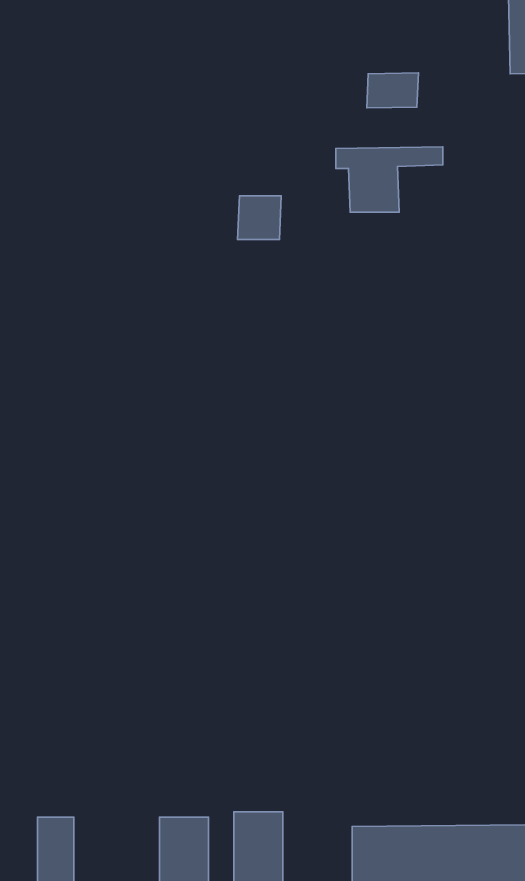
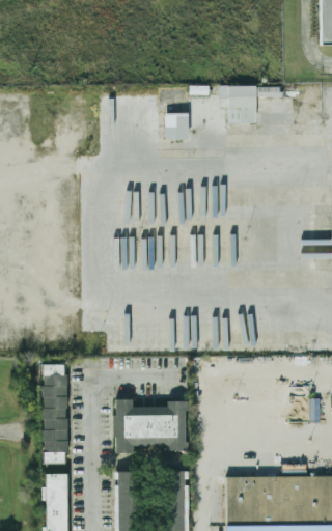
building: [367,73,418,108] -> none
building: none -> [45,361,65,457]
building: none -> [116,395,187,454]

